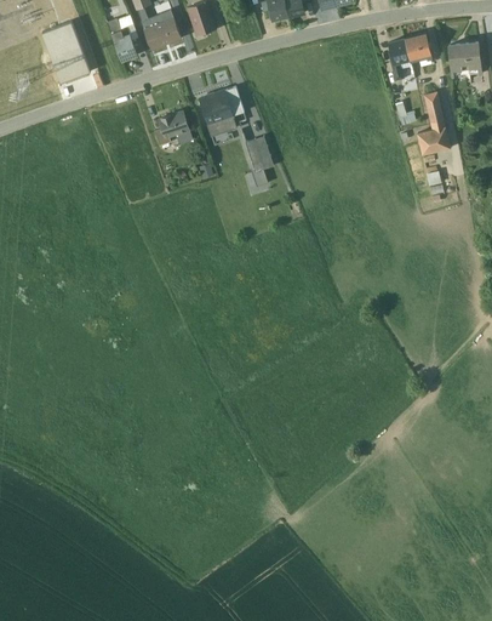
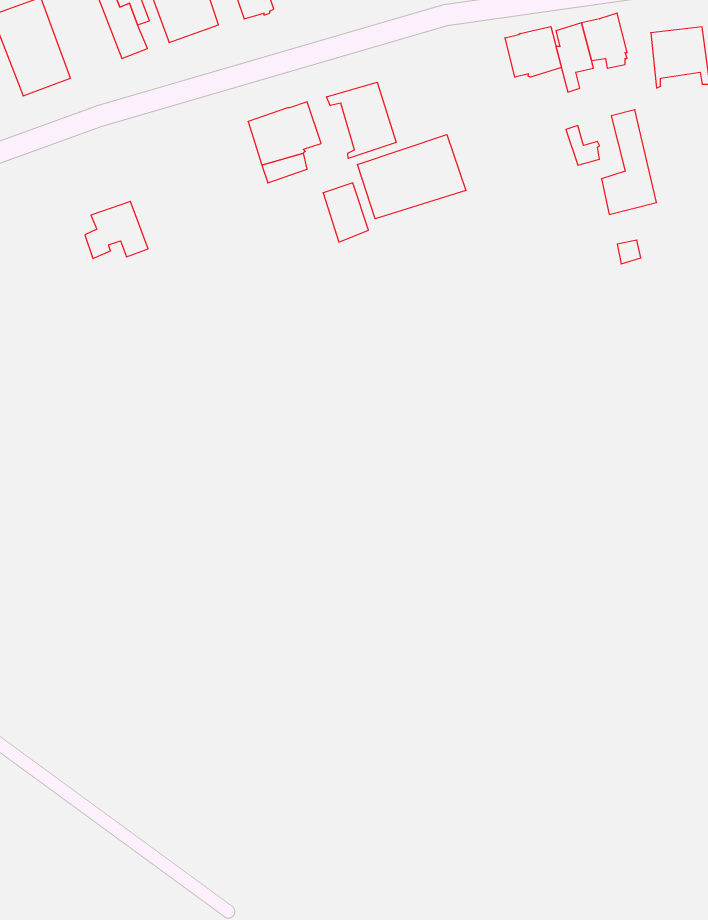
building: none -> [505,27,561,77]
building: none -> [327,82,396,158]
building: none -> [357,135,466,219]
building: [155,110,194,146] -> [85,201,148,259]

